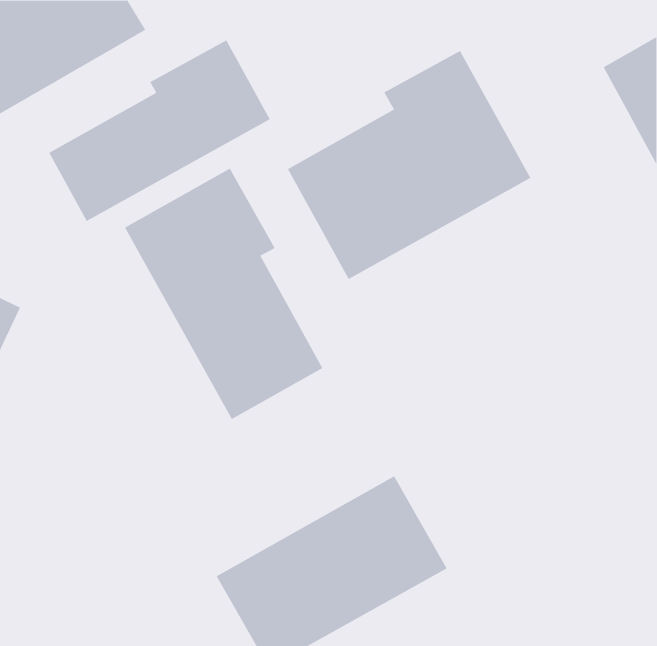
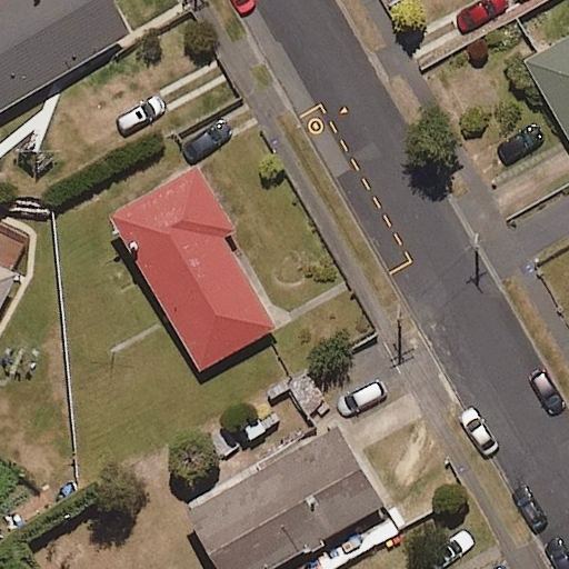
building: [48,40,271,222] -> none
building: [287,50,531,280] -> none

